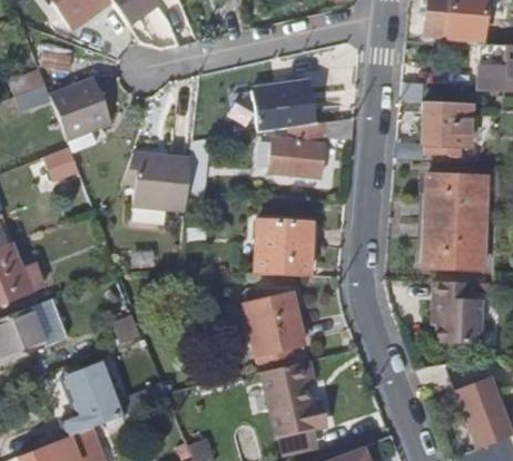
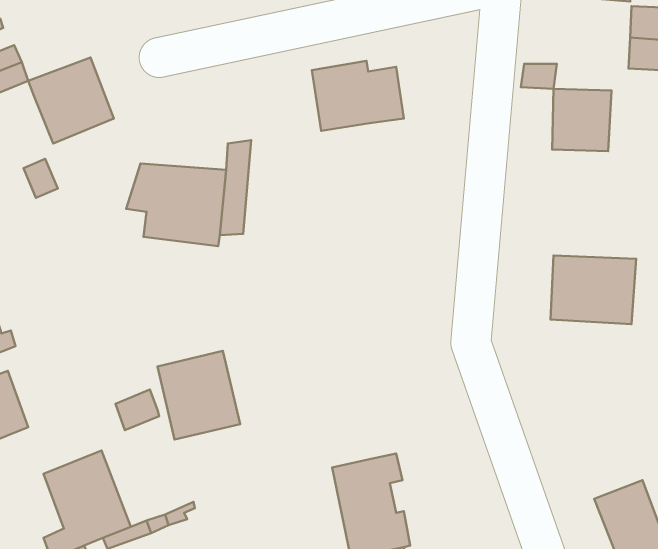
building: [270,116,356,177] -> none
building: [425,175,486,222] -> none
building: [245,223,299,274] -> none
building: [441,281,490,347] -> none
building: [245,291,304,354] -> [157,351,240,440]

